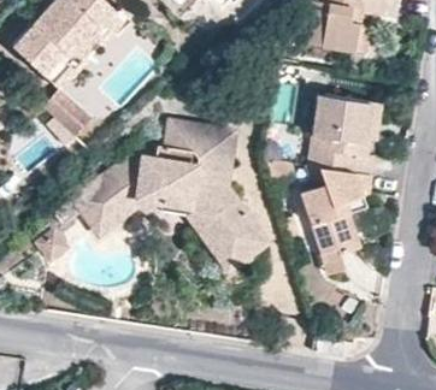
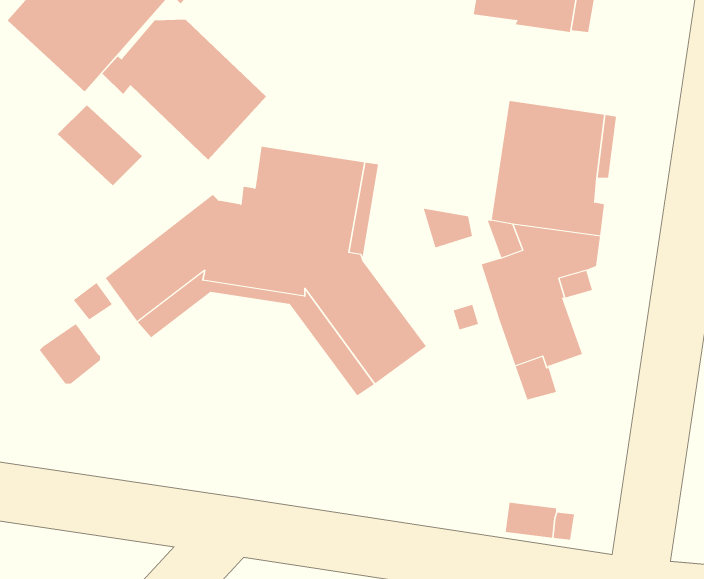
building: none -> [101,19,267,160]

